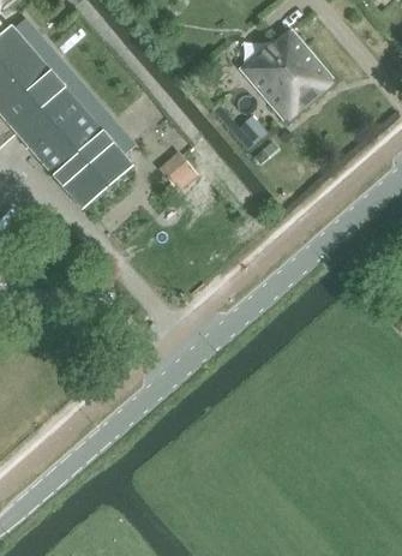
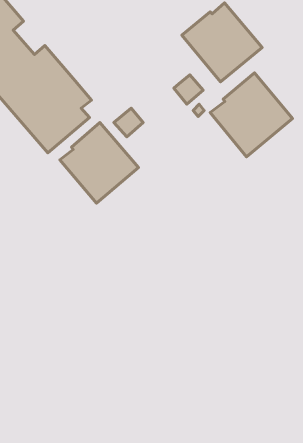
building: none -> [210,73,292,157]
building: none -> [60,123,138,203]

